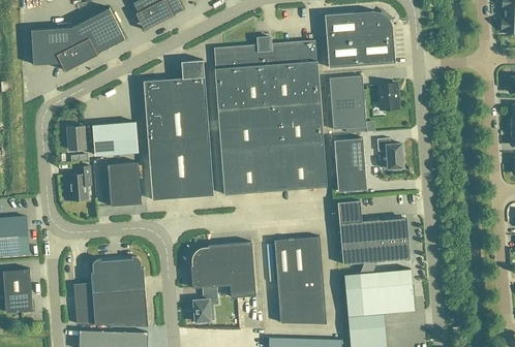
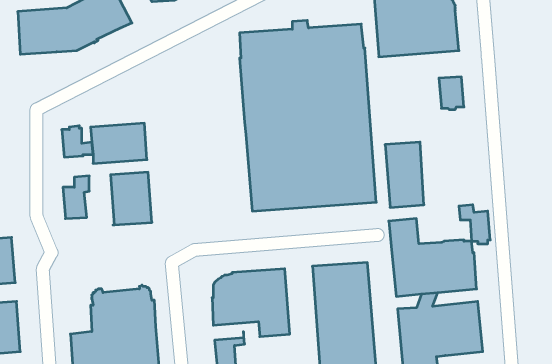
building: [143,60,219,200] -> none
building: [329,75,366,129] -> none
building: [377,138,403,170] -> [459,205,490,244]

